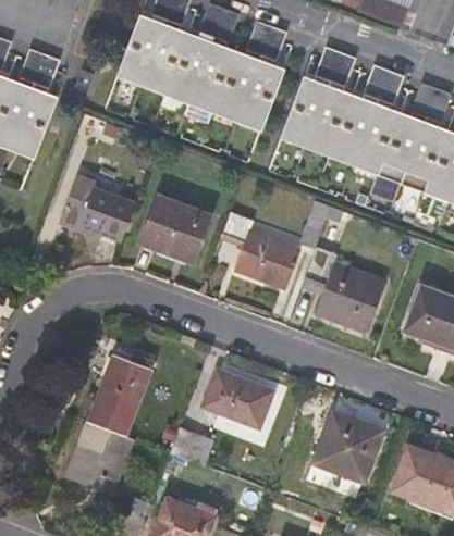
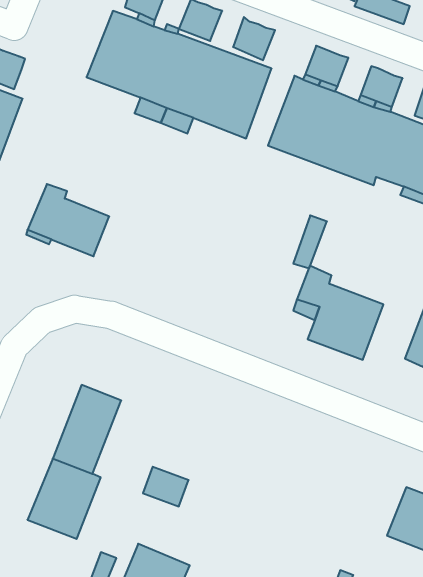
building: [145,196,216,262] -> none
building: [226,209,302,284] -> none
building: [200,370,270,428] -> none
building: [310,413,379,481] -> none

